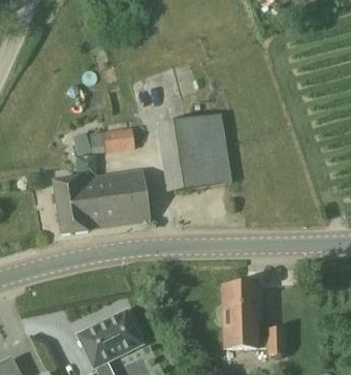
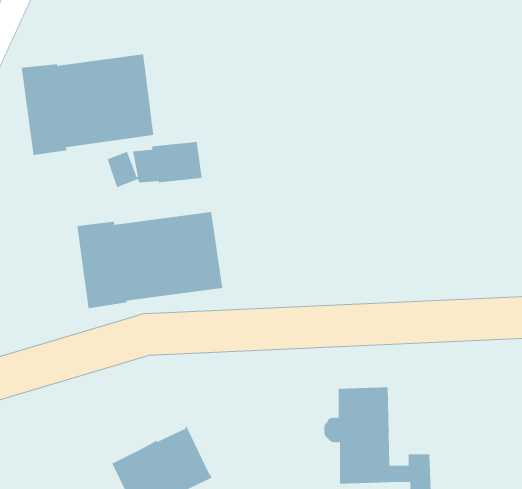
building: none -> [21,53,154,156]
building: [157,114,233,193] -> none

